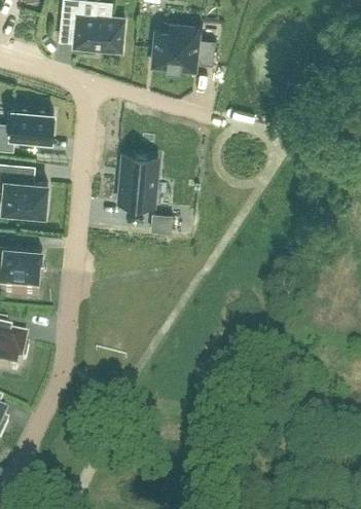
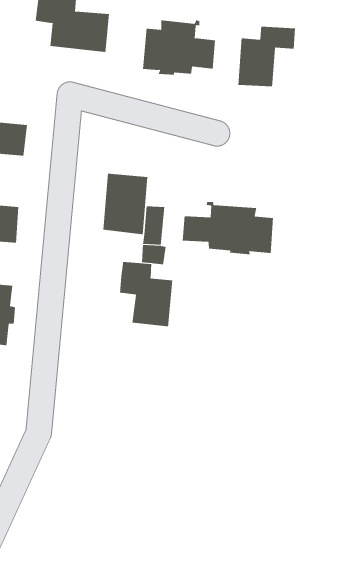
building: none -> [238,26,295,87]
building: none -> [182,201,274,255]
building: none -> [119,261,173,327]

